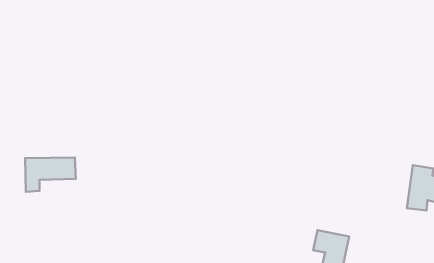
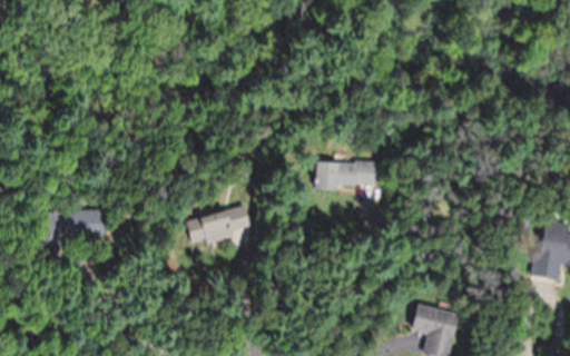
building: none -> [316,161,376,188]
building: none -> [186,207,250,245]

